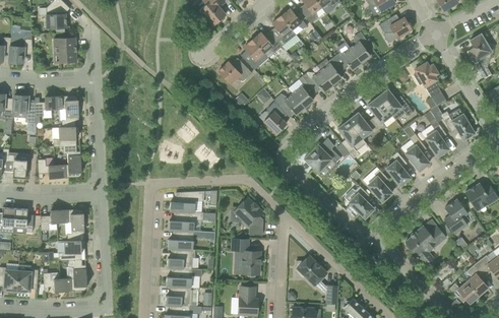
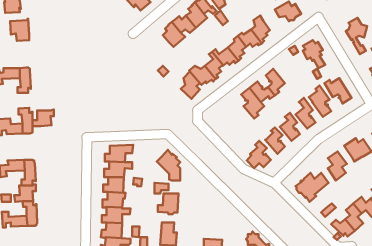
building: [219,57,252,83] -> none
building: [377,88,413,119] -> none
building: [53,125,79,145] -> [32,110,54,126]
building: [304,144,340,172] -> none
building: [296,255,337,304] -> none

